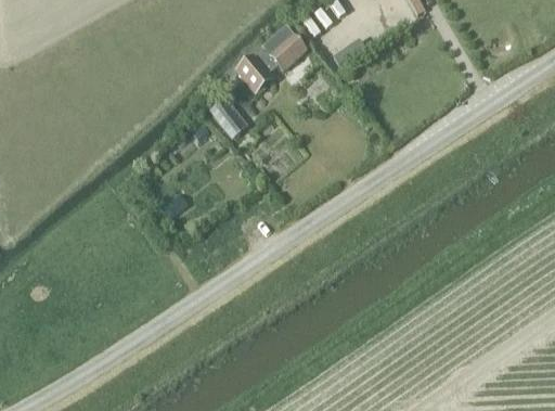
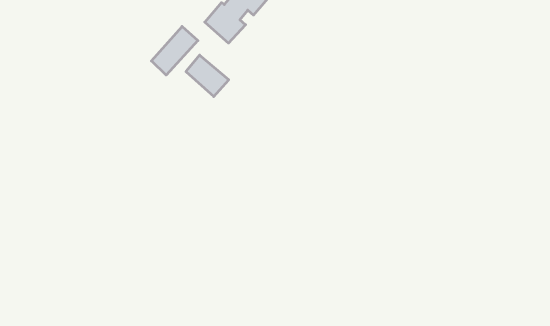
building: none -> [151,26,198,75]

